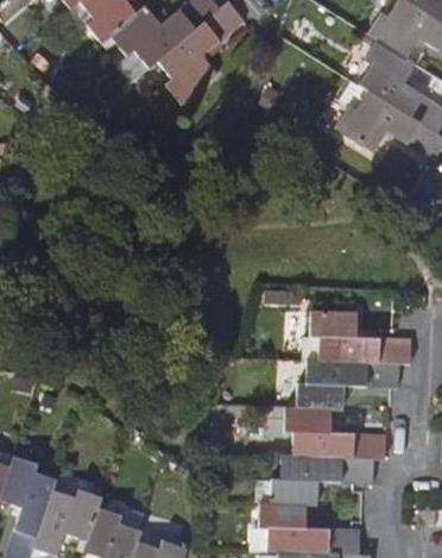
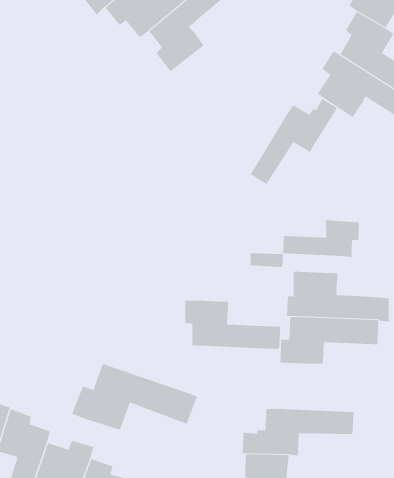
building: none -> [250,98,337,185]
building: none -> [283,219,360,258]
building: [284,408,385,459] -> [185,300,281,349]
building: none -> [72,363,198,430]

